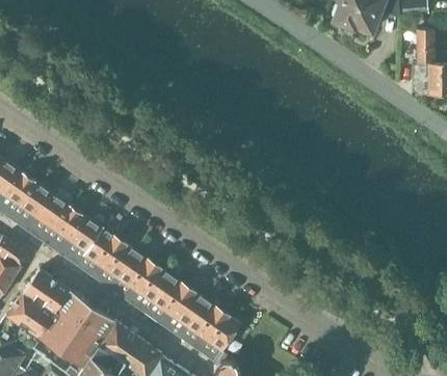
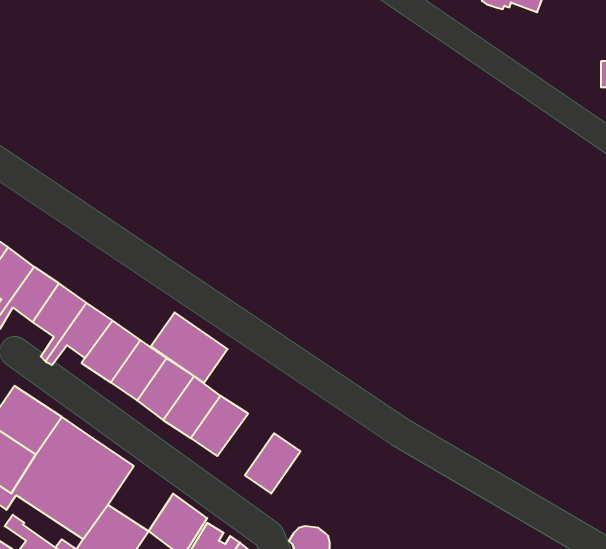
building: none -> [151,312,228,383]
building: [167,288,204,327] -> none
building: [202,312,239,351] -> none
building: [98,321,139,362] -> none

